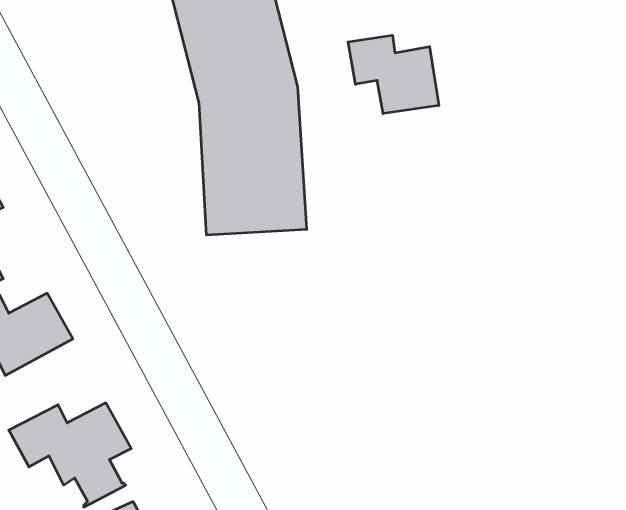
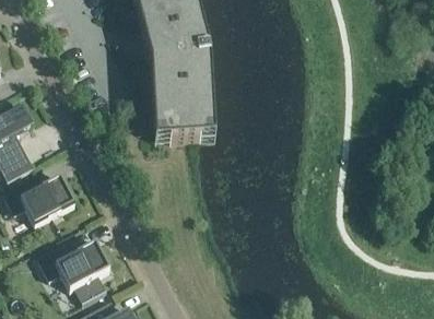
building: [348,35,439,114] -> none

